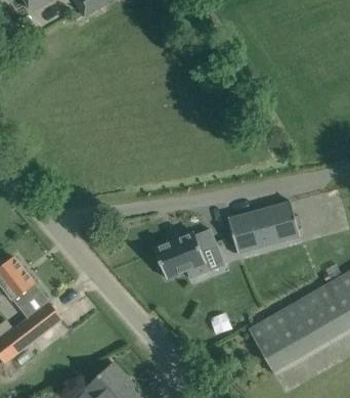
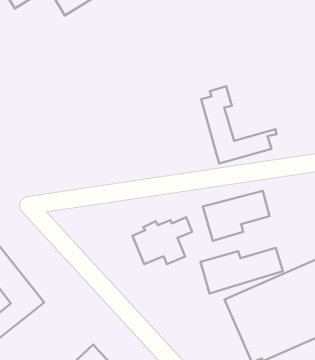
building: none -> [201,86,276,164]
building: none -> [200,248,283,293]

